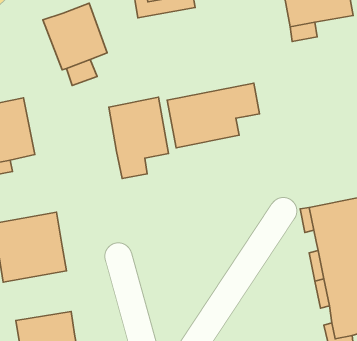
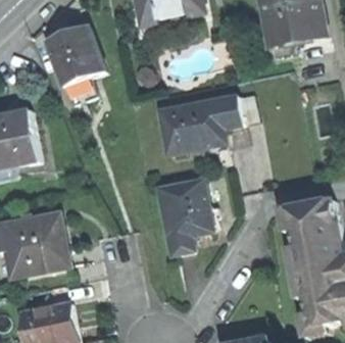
building: [109,97,168,178] -> [157,178,211,251]

